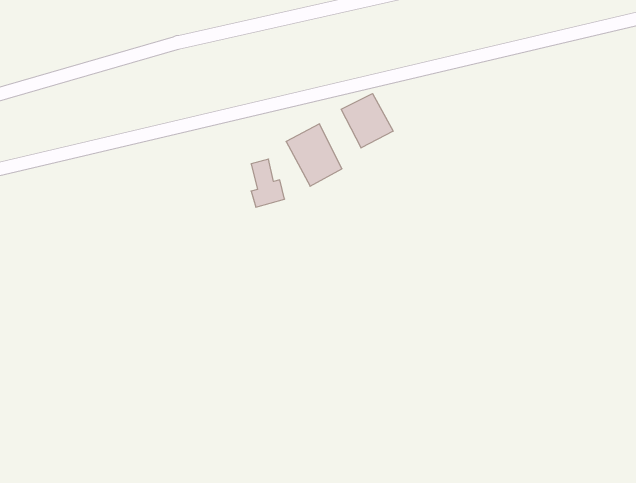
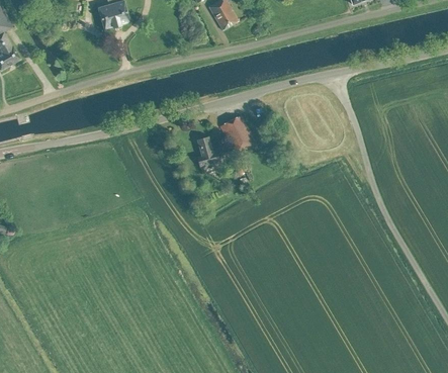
building: [341,94,393,148] -> none

